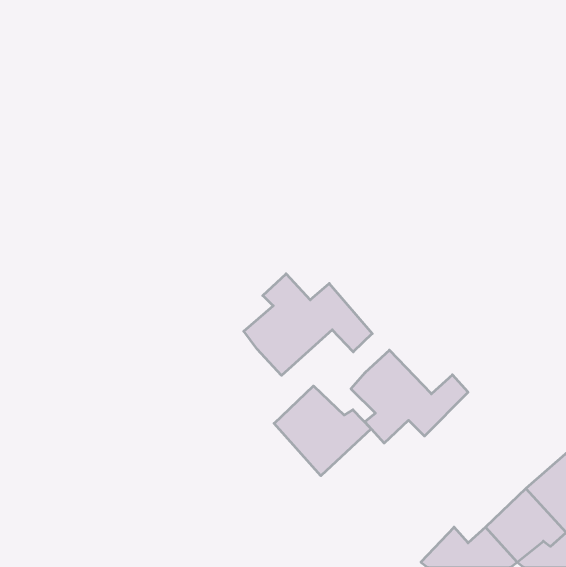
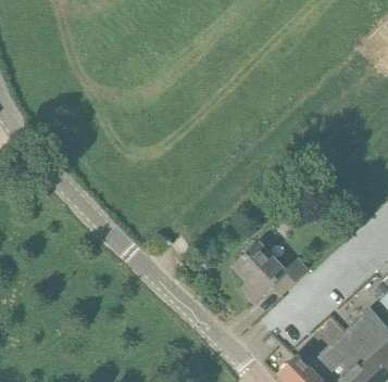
building: [244,274,372,375] -> none
building: [274,386,371,476] -> none

